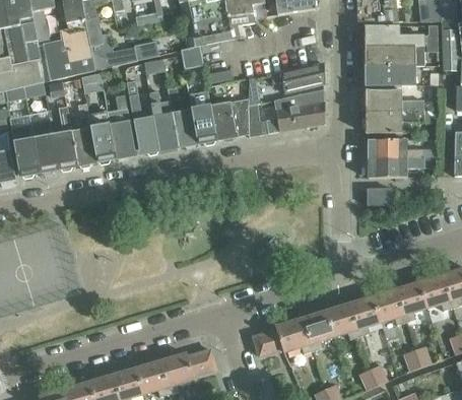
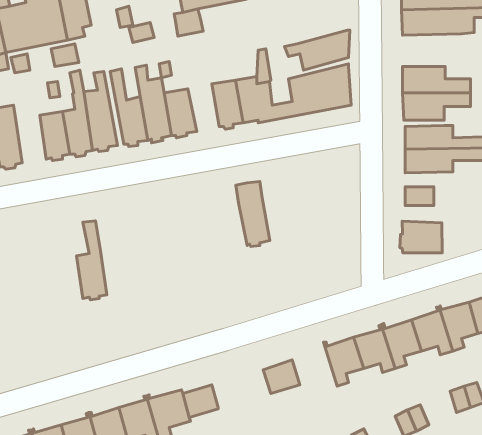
building: [366,64,415,85] -> none
building: [190,91,217,144] -> [236,181,270,247]
building: [53,106,77,170] -> [77,221,107,300]
building: none -> [400,221,442,253]
building: [275,314,313,352] -> none

